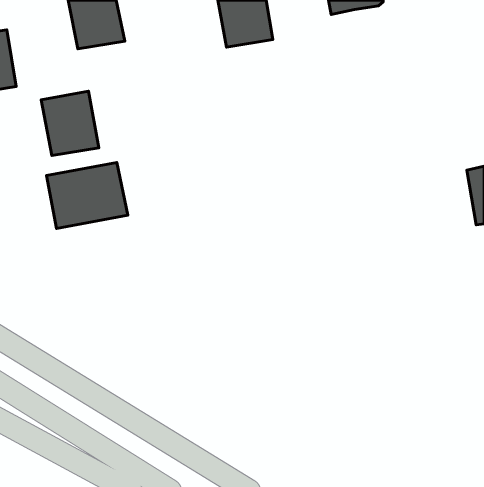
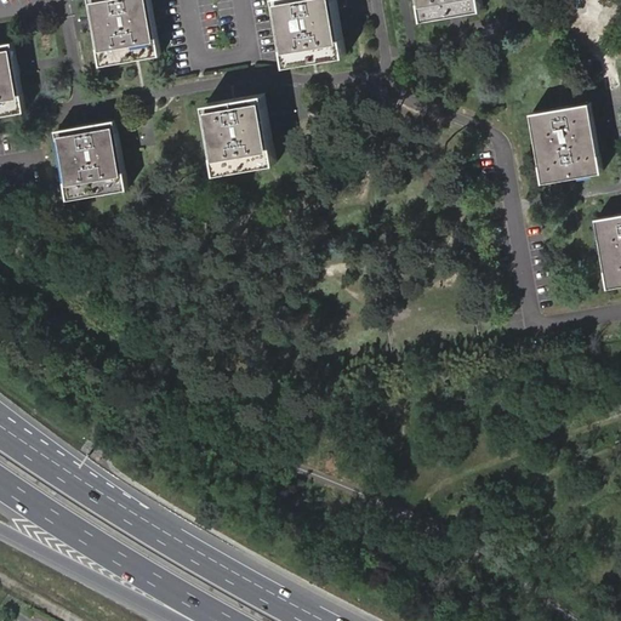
building: none -> [204,95,274,175]
building: none -> [523,102,596,186]
building: [46,162,128,228] -> none

